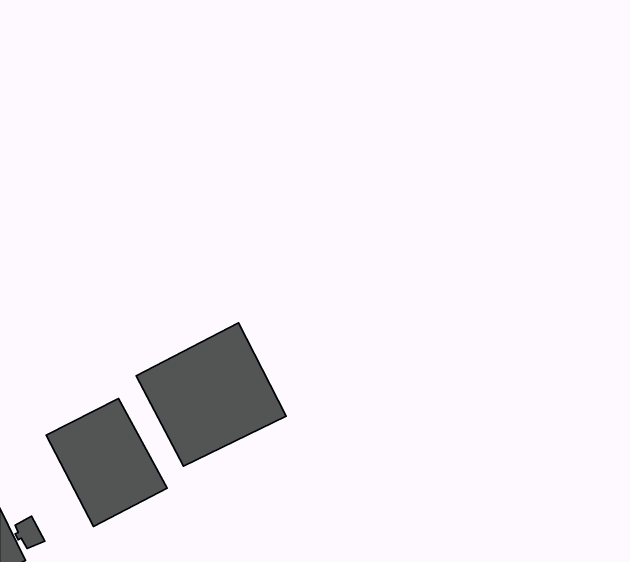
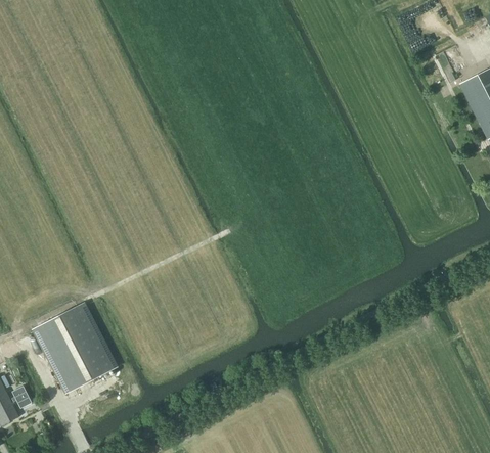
building: [136,323,286,466] -> none

